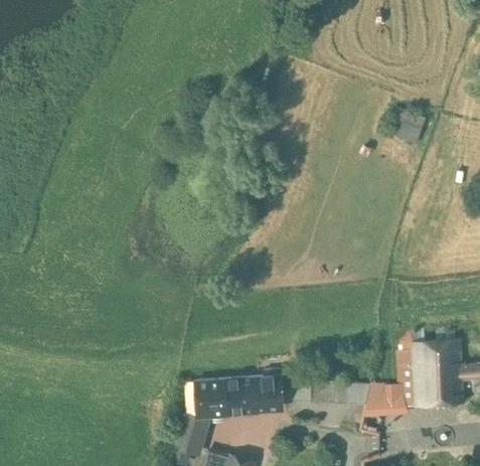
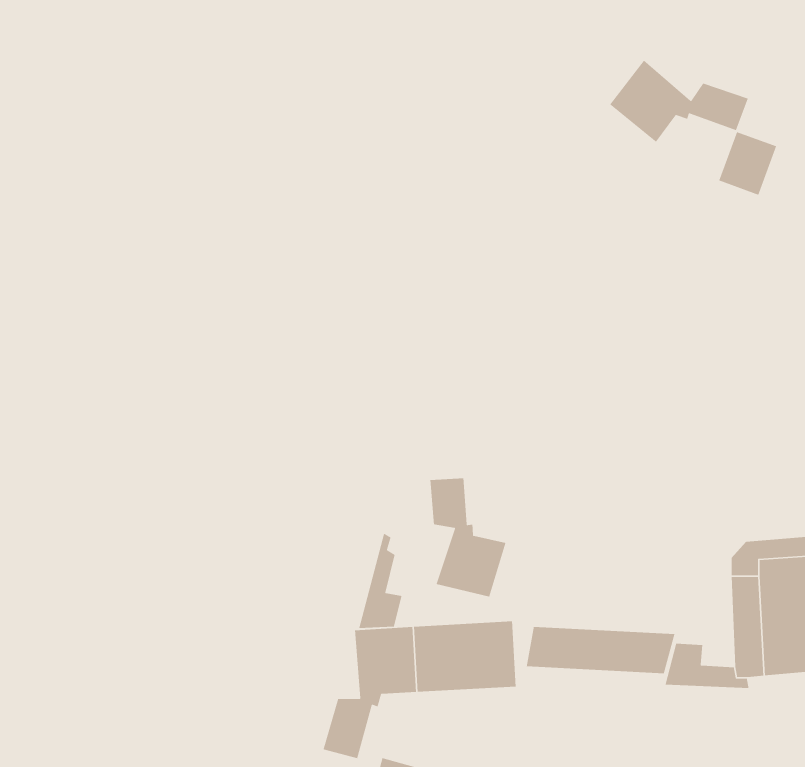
building: none -> [609,59,749,143]
building: none -> [430,477,506,597]
building: none -> [358,532,402,629]

